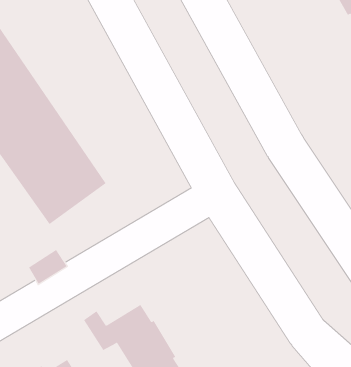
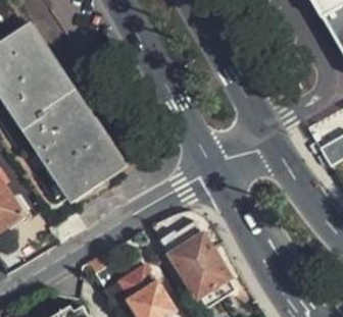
building: none -> [161,222,232,301]

